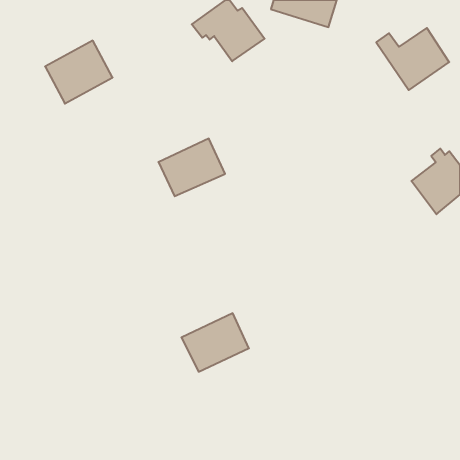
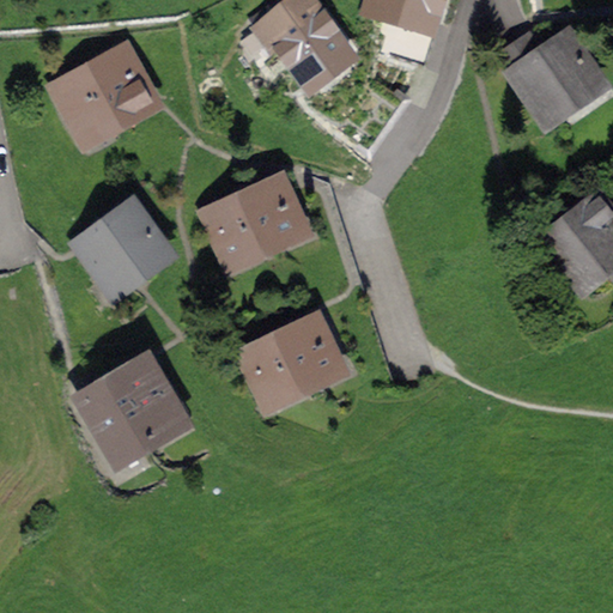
building: none -> [79,208,164,299]
building: none -> [84,364,181,459]
building: [181,313,249,372] -> [247,323,336,401]

